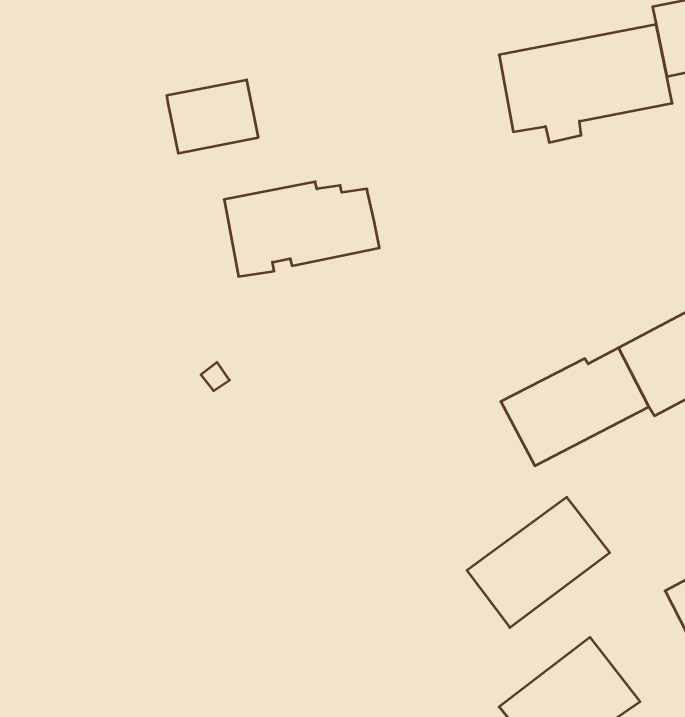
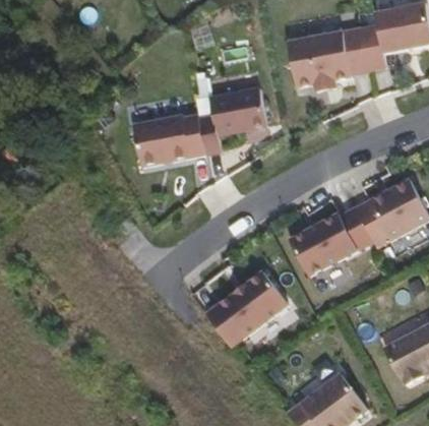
building: [167,80,258,153] -> none
building: none -> [209,88,266,135]
building: [467,497,610,628] -> [205,271,287,346]

